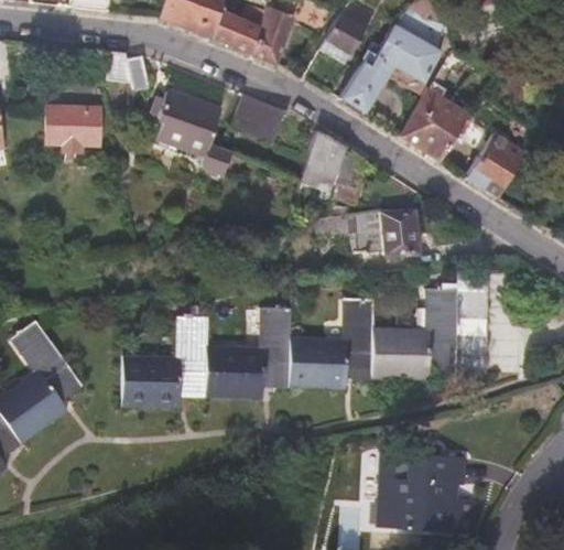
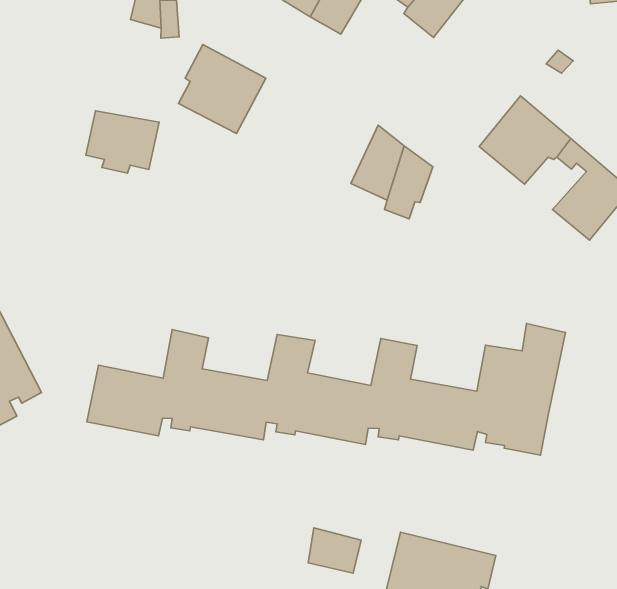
building: [339,25,440,112] -> none
building: [231,94,282,141] -> none
building: [46,106,100,151] -> [86,111,159,173]
building: [315,209,419,254] -> none
building: none -> [308,528,361,573]

